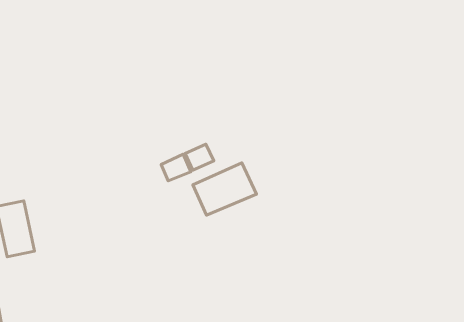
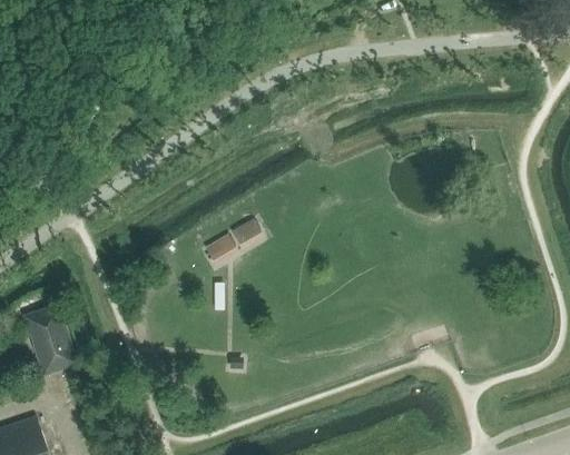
building: [193,163,257,215] -> none

